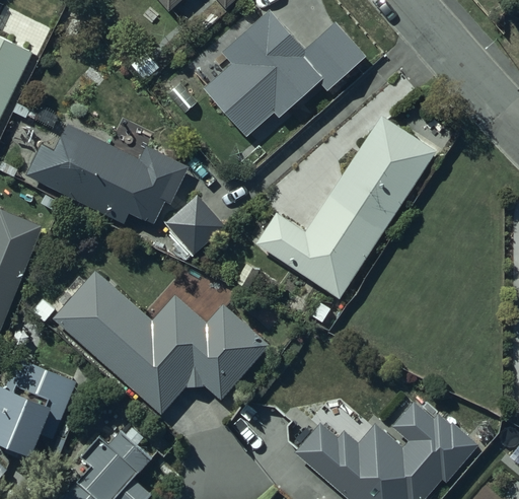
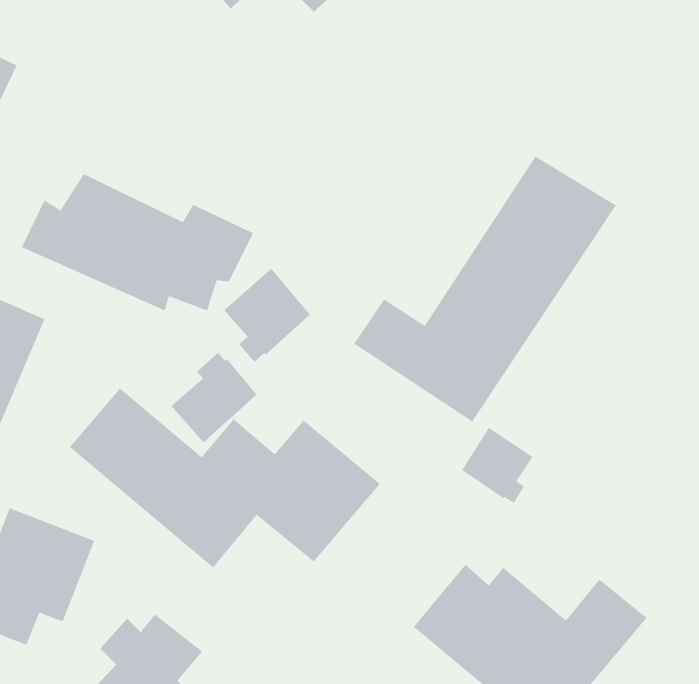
building: [205,12,363,136] -> none
building: none -> [171,352,258,443]
building: none -> [461,427,534,504]

